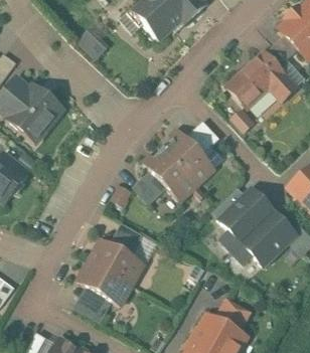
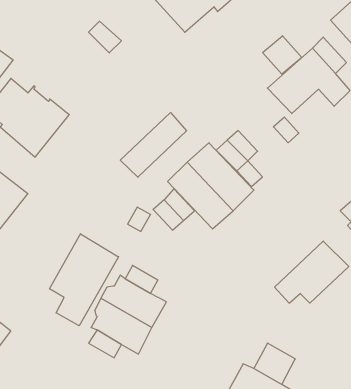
building: none -> [263,36,302,74]
building: none -> [120,113,187,177]
building: [219,190,273,250] -> none
building: none -> [50,234,119,326]

